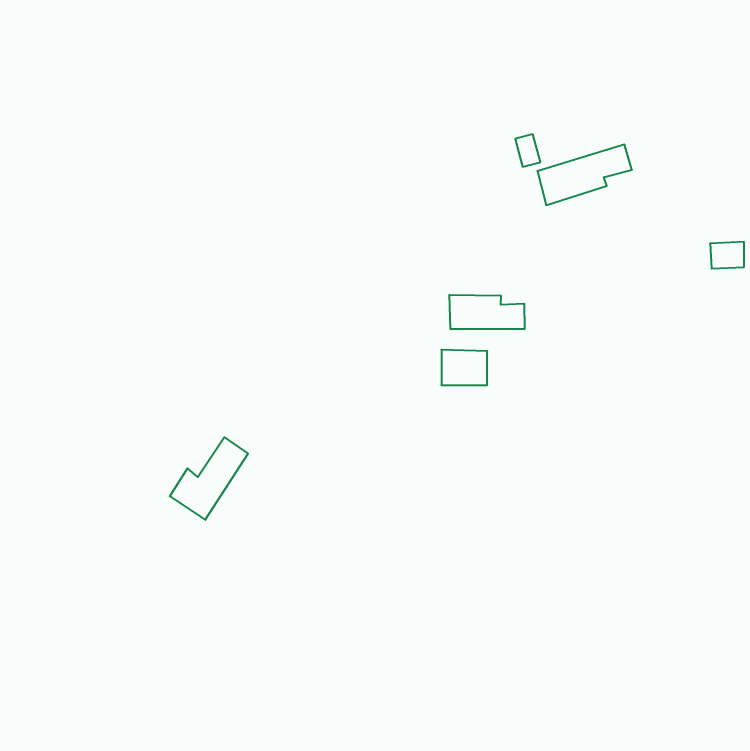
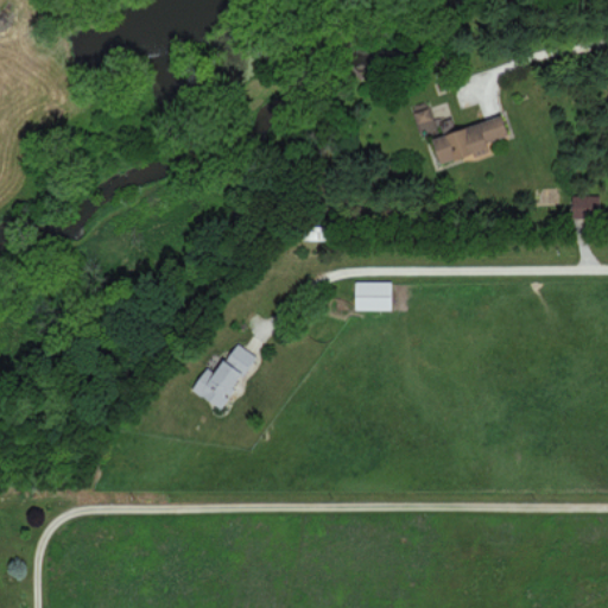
building: [449,295,524,329] -> none
building: [170,437,248,520] -> [192,343,255,410]

